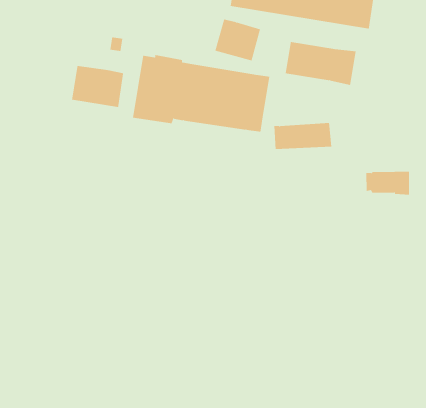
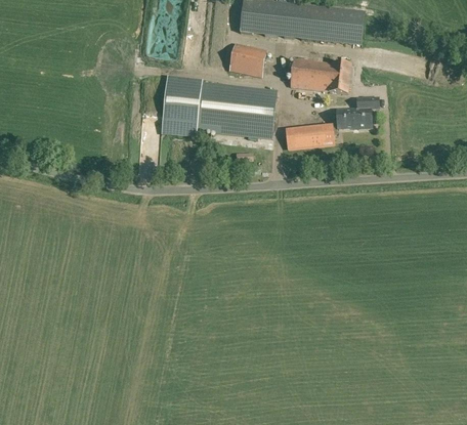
building: [71,65,124,108] -> none
building: [366,171,410,195] -> [332,107,371,127]

